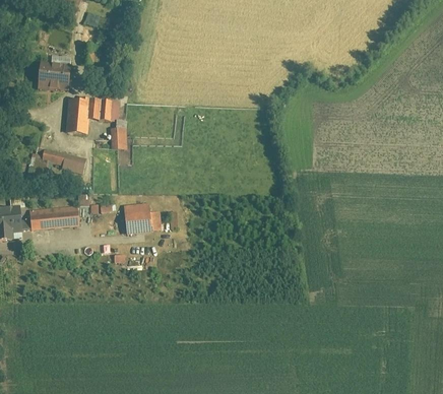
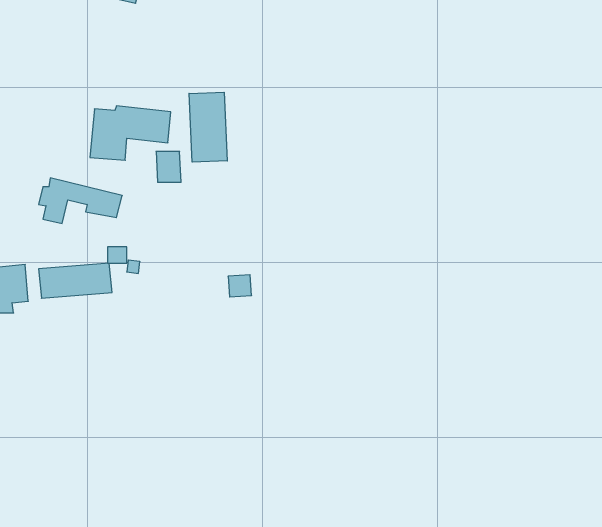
building: [37,61,71,90] -> none
building: none -> [189,92,227,162]
building: [122,199,152,236] -> none

